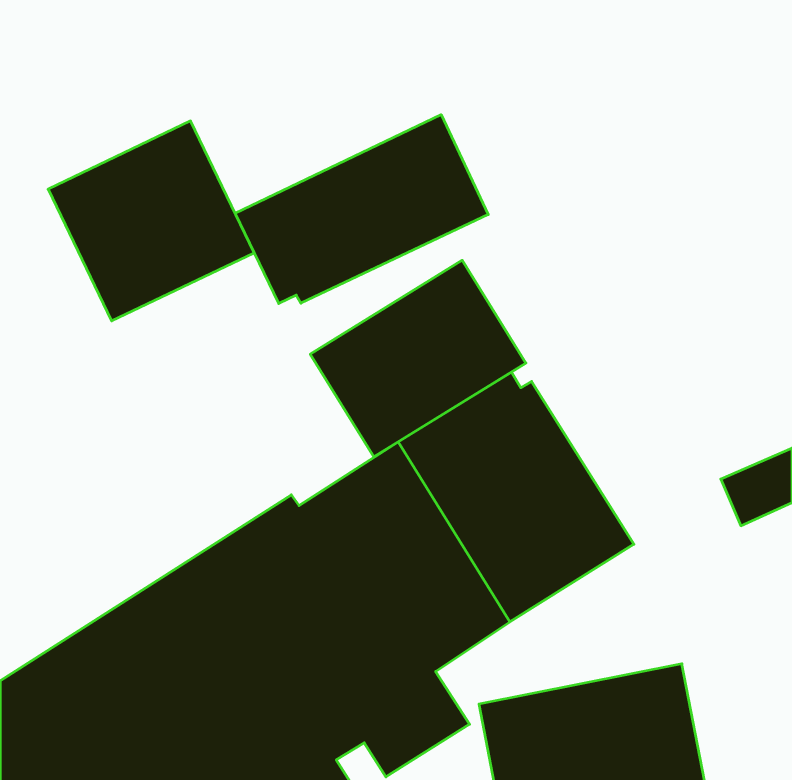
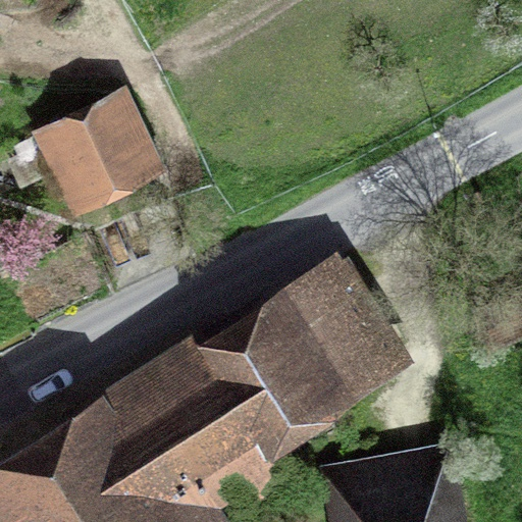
building: [235,115,488,304] -> none
building: [310,260,526,457] -> none

